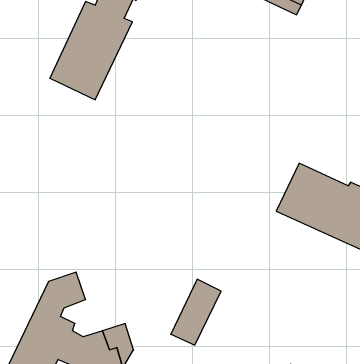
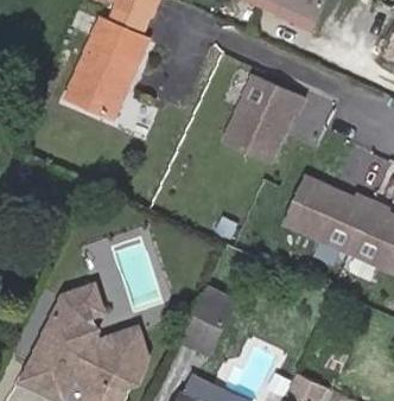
building: none -> [223,74,309,165]

